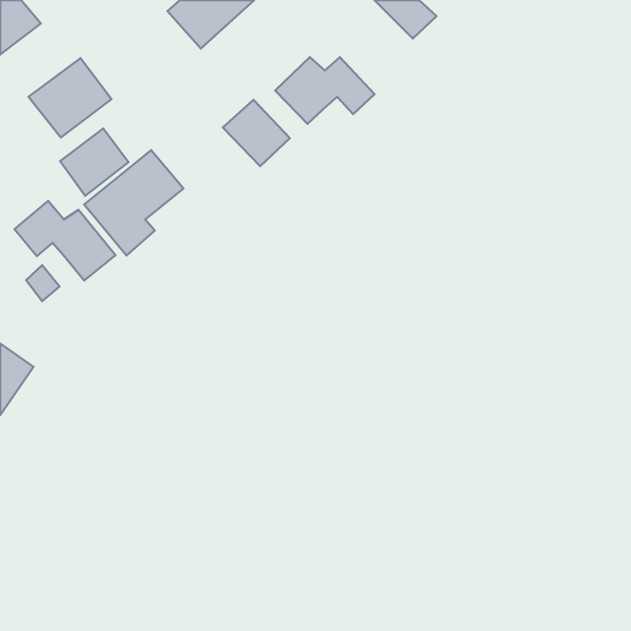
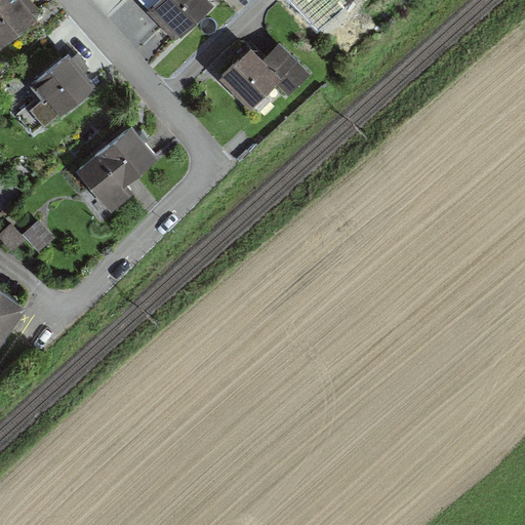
building: [223,100,290,166] -> none
building: [60,129,128,196] -> none
building: [14,201,116,280] -> none

